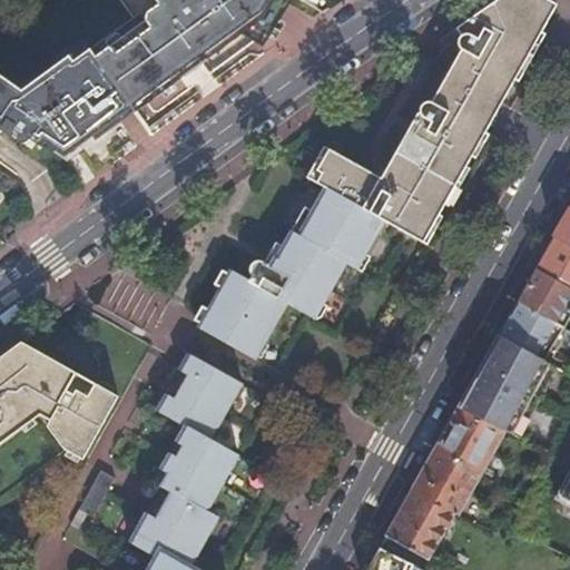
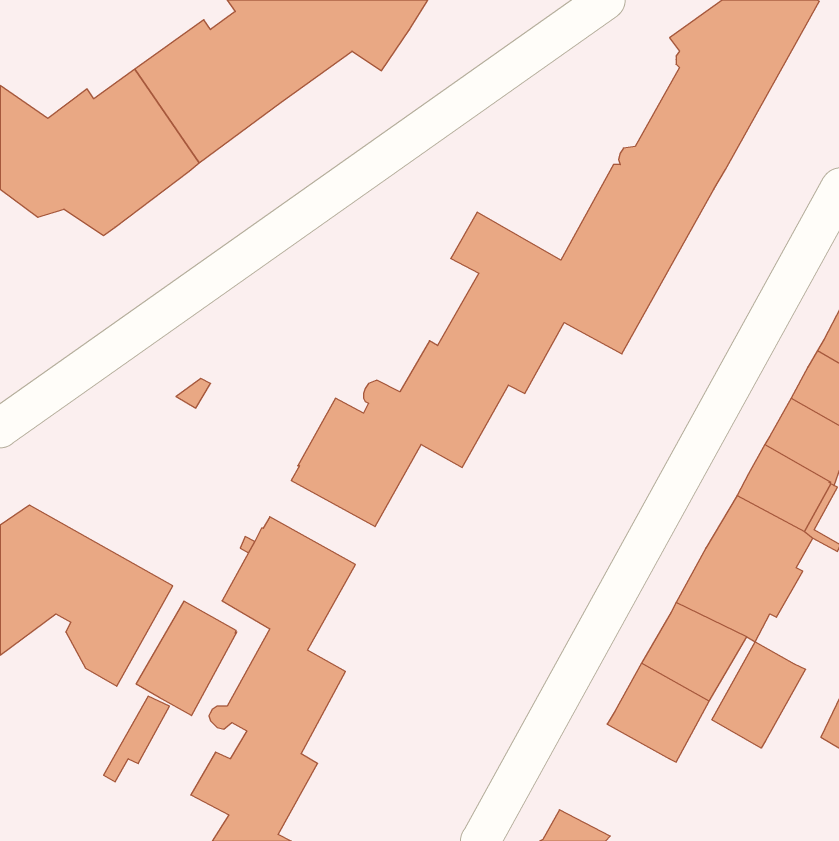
building: none -> [136,601,237,716]
building: none -> [712,642,806,748]
building: [386,490,454,559] -> none

